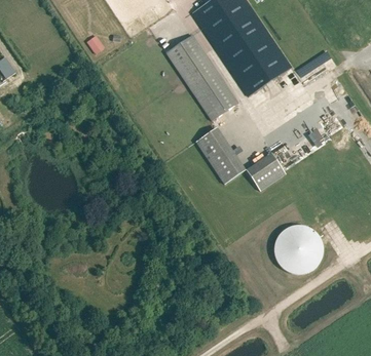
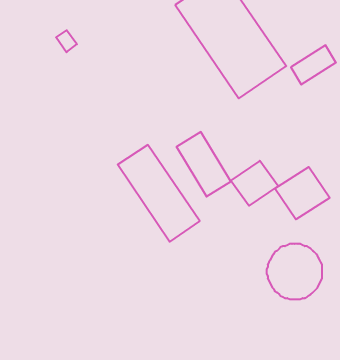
building: [165,35,238,121] -> [118,145,200,242]
building: none -> [275,167,330,219]

